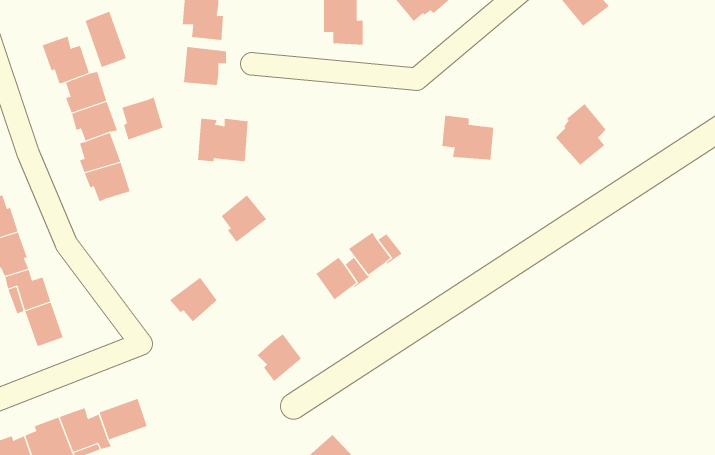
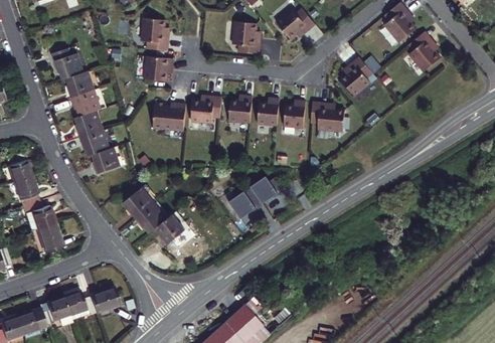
building: none -> [411,32,444,72]
building: [85,11,126,68] -> none
building: [122,97,164,140] -> [93,148,120,176]
building: [555,103,607,165] -> [341,57,374,98]
building: none -> [190,95,221,122]
building: none -> [228,95,252,122]
building: none -> [257,98,279,125]
building: none -> [284,100,306,127]
building: [221,194,267,243] -> [124,189,154,220]
building: [257,333,302,382] -> [155,215,184,246]

